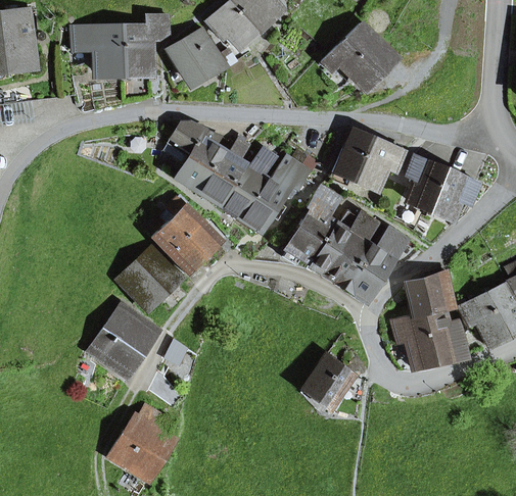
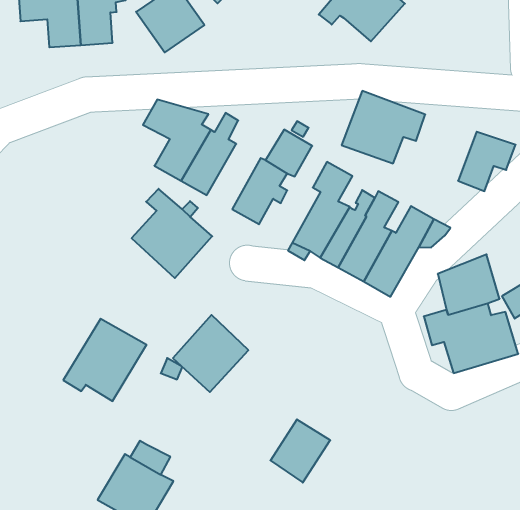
building: [218,147,276,218] -> none
building: [405,154,447,208] -> none
building: [119,244,182,308] -> [173,315,248,392]
building: [303,354,355,407] -> [270,419,330,483]

